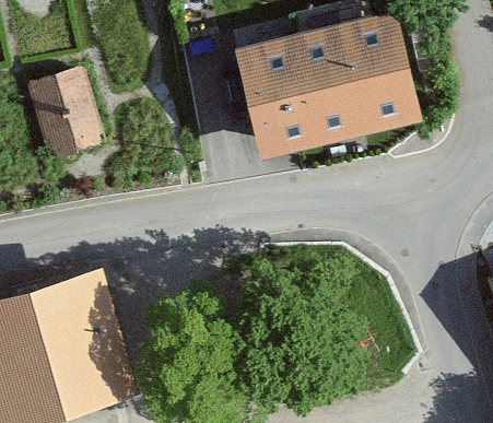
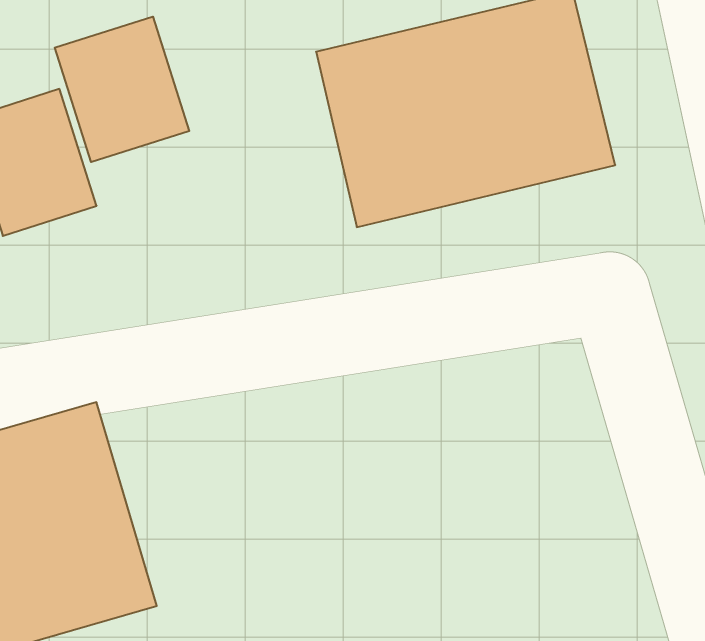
building: none -> [55,17,189,162]

